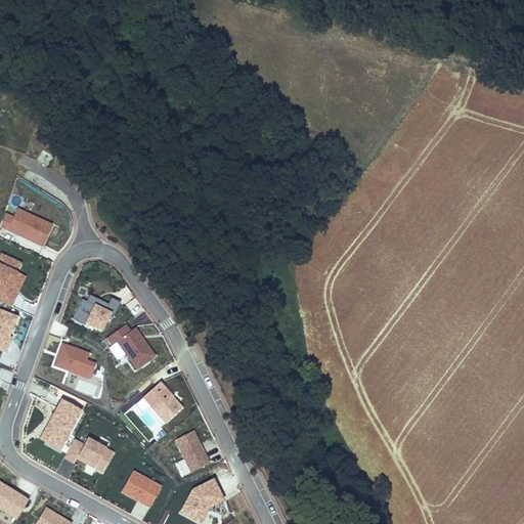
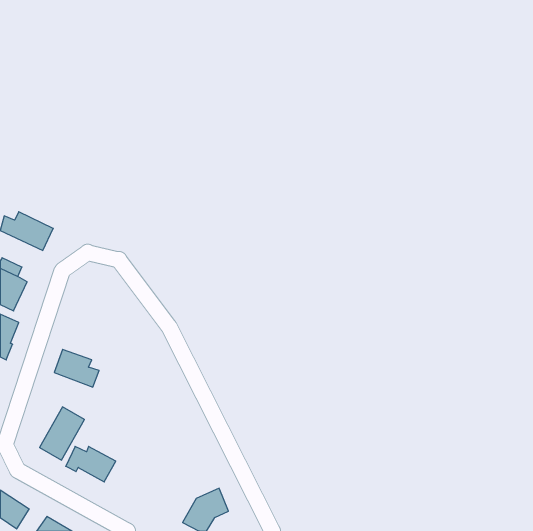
building: [73,295,121,333] -> none
building: [105,322,157,369] -> none
building: [142,382,183,423] -> none
building: [174,430,211,472] -> none
building: [121,471,162,509] -> none

